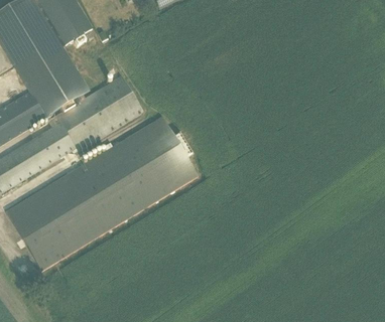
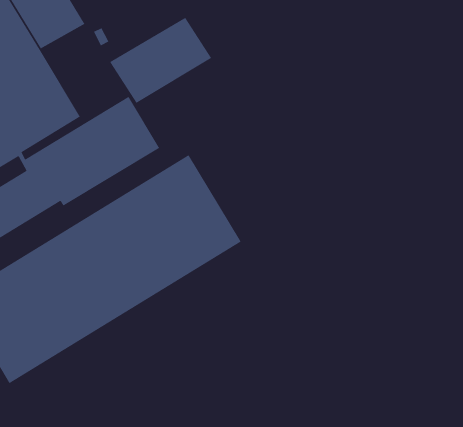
building: none -> [110,17,212,104]

